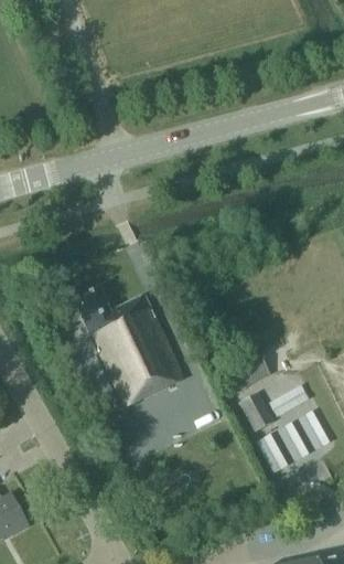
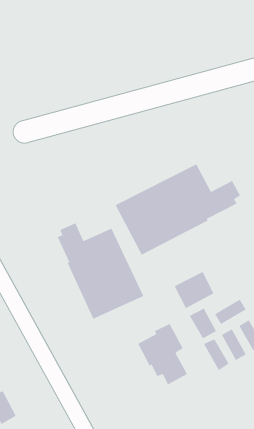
building: none -> [115,164,241,256]
building: none -> [138,323,187,385]

